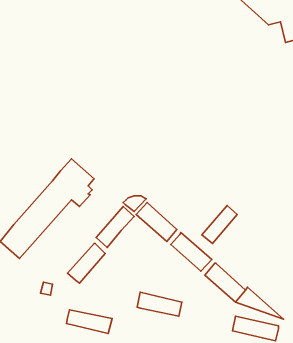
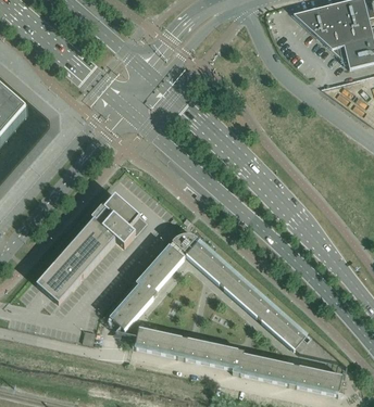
building: [202,206,237,244] -> none
building: none -> [238,355,289,381]
building: [66,310,112,334] -> [135,329,185,355]

